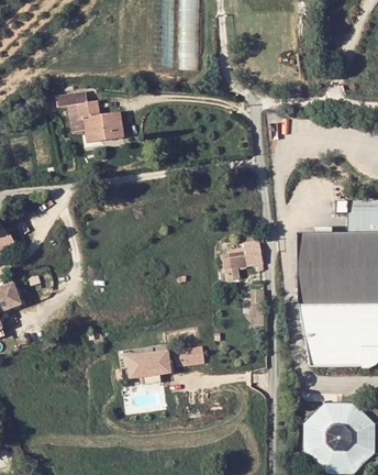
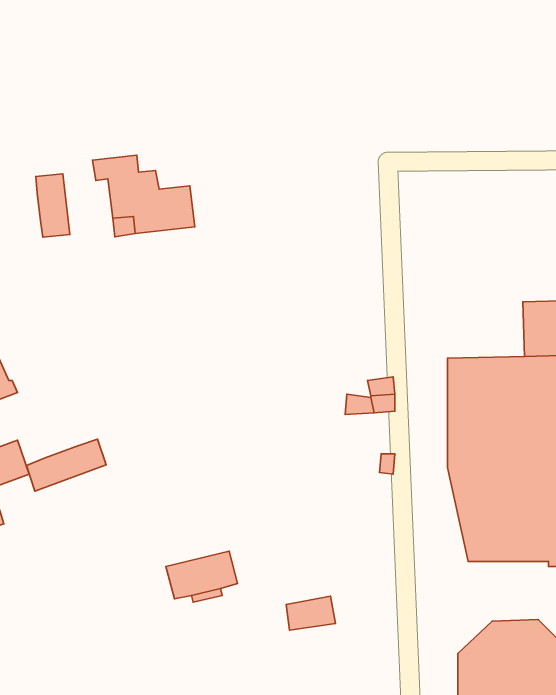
building: none -> [36,174,70,237]
building: none -> [26,439,106,491]
building: [173,343,204,365] -> [286,596,336,630]

